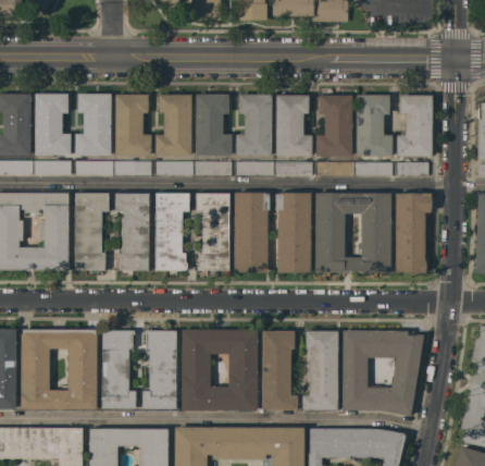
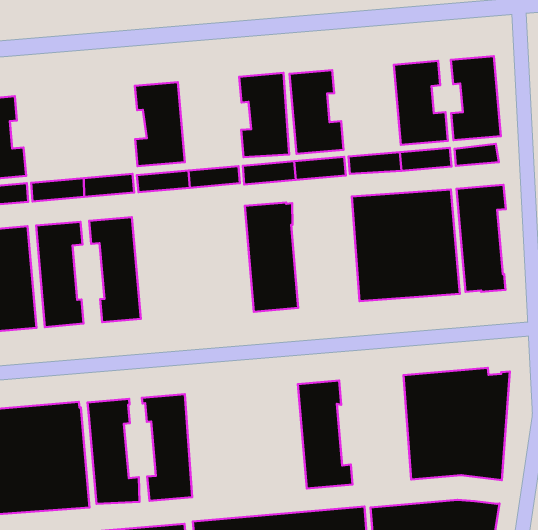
building: [75,94,111,155] -> none
building: [115,94,151,155] -> none
building: [196,94,231,155] -> none
building: [315,95,352,156] -> none
building: [276,192,311,272] -> none
building: [156,193,189,270] -> none
building: [196,193,229,270] -> none
building: [182,329,258,409] -> none
building: [301,330,337,409] -> none

